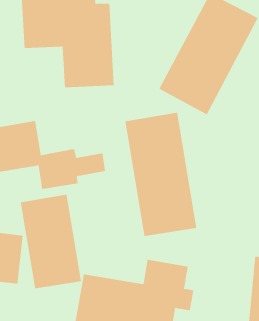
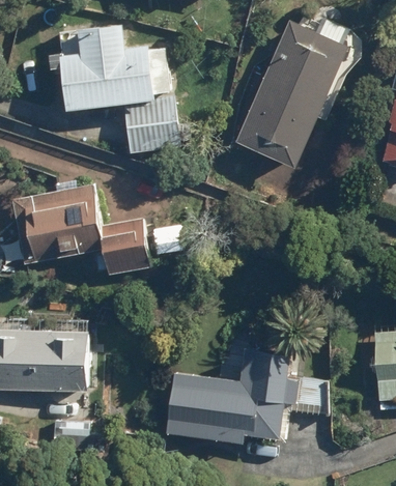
building: [125,112,197,237] -> none
building: [20,194,81,289] -> none

